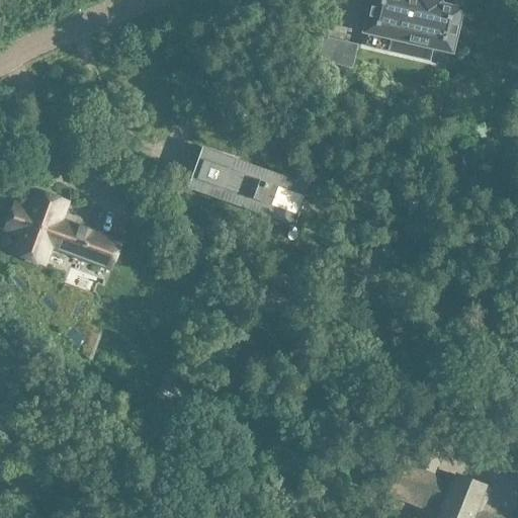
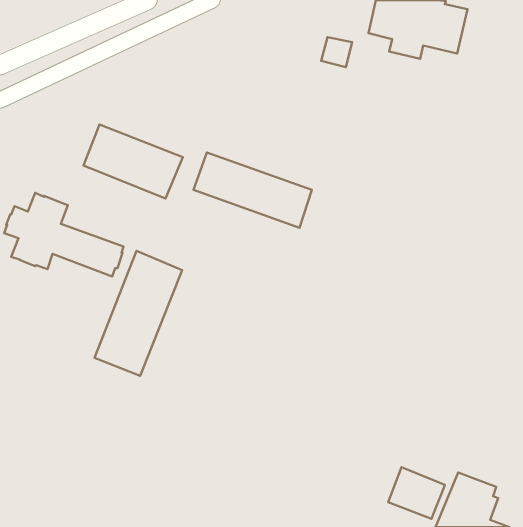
building: none -> [83,124,183,199]
building: none -> [94,251,182,376]

